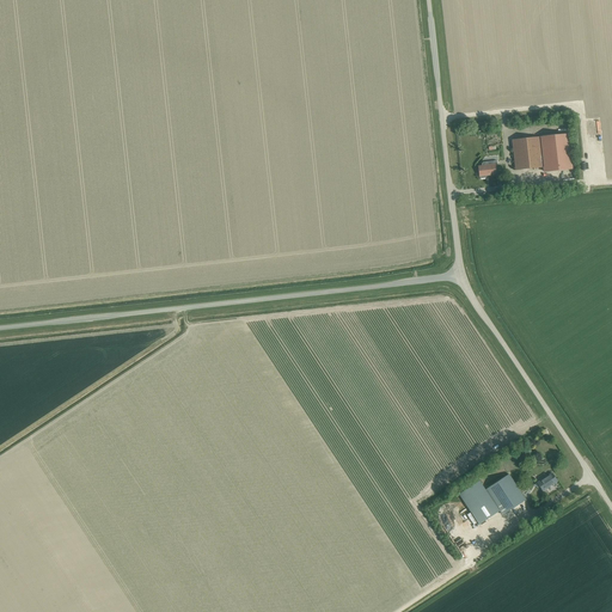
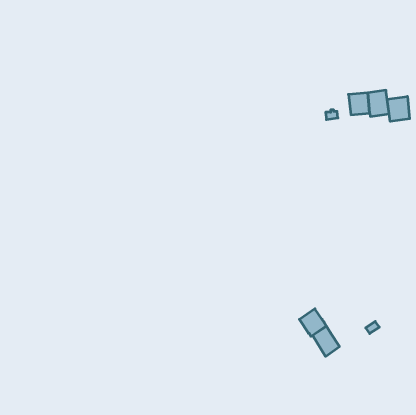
building: none -> [387,96,410,121]
building: [485,473,525,514] -> [299,309,326,336]

